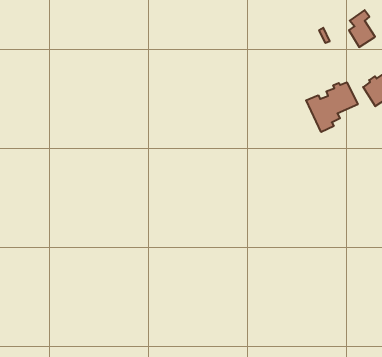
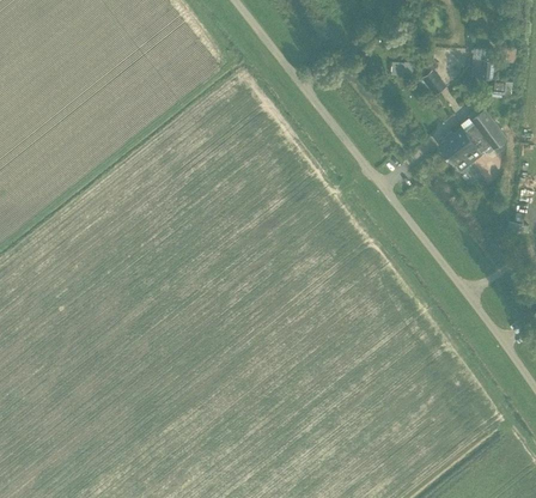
building: [306,82,358,132] -> none

